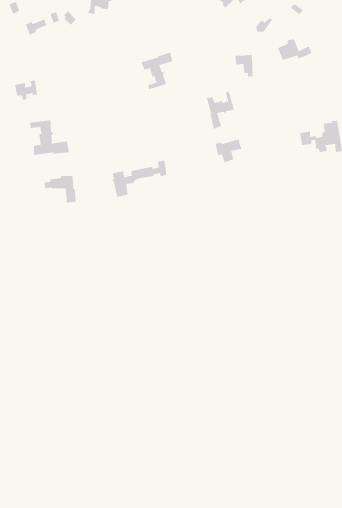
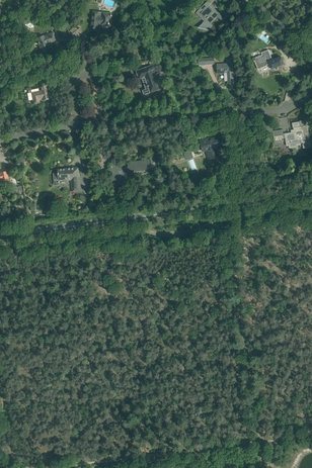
building: [206,91,235,130] -> none
building: [29,120,70,156] -> none

